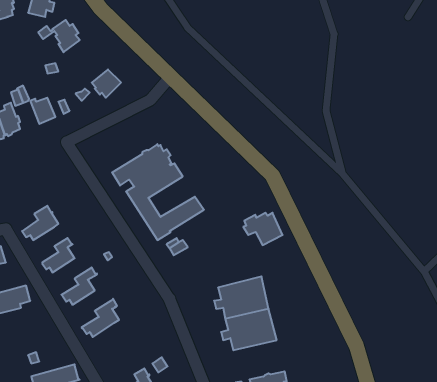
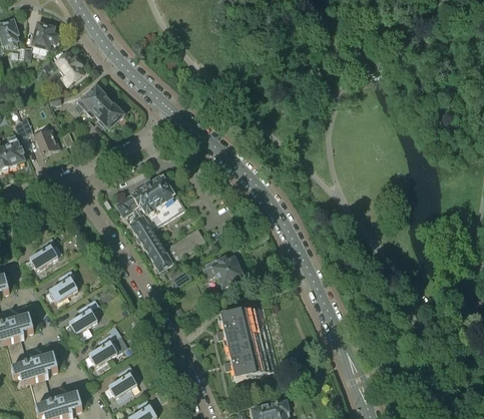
building: none -> [74,85,111,116]
building: [243,213,283,245] -> [204,255,244,287]
building: none -> [11,354,58,383]
building: none -> [105,364,137,398]

